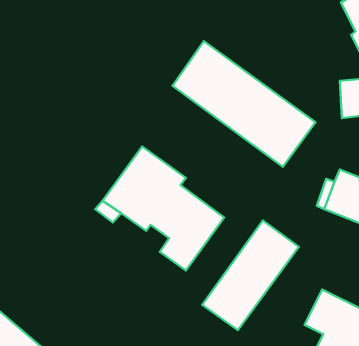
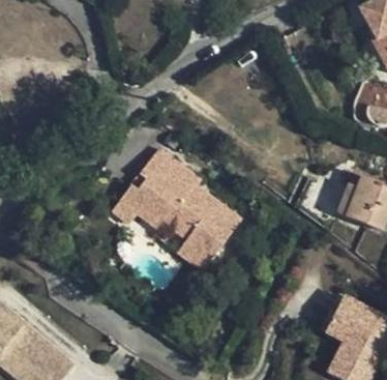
building: [172,41,315,167] -> none
building: [202,221,299,330] -> none

